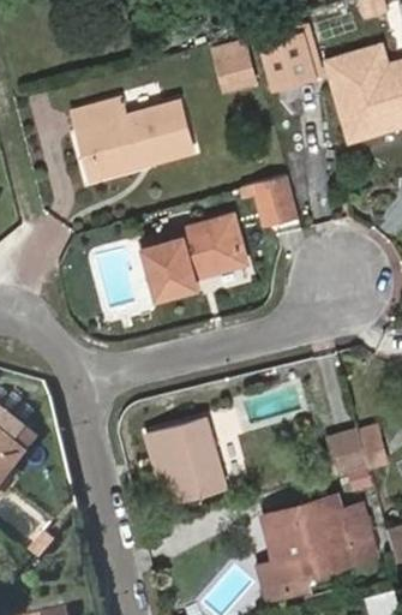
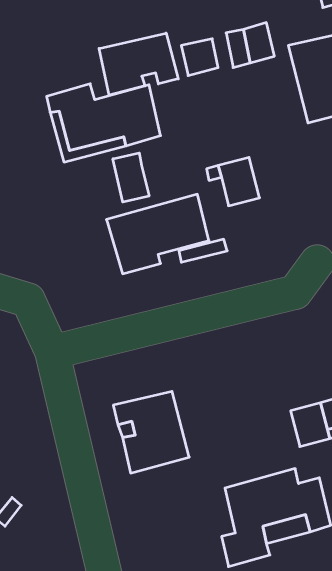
building: none -> [99,33,178,95]
building: none -> [113,153,149,202]

